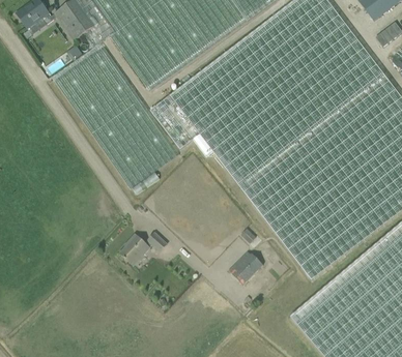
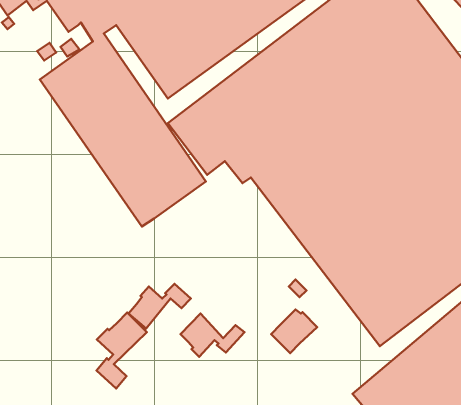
building: none -> [97,312,147,389]
building: none -> [180,314,245,357]

